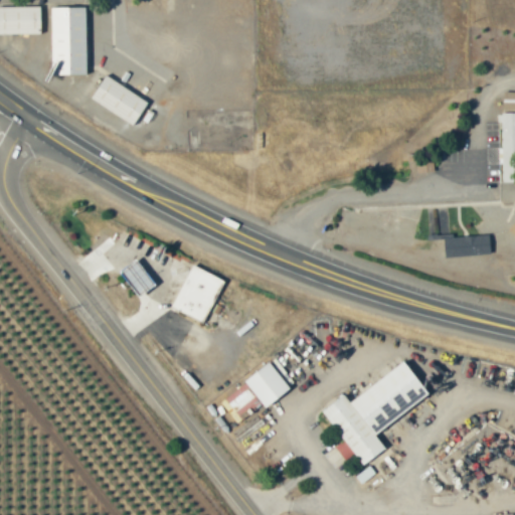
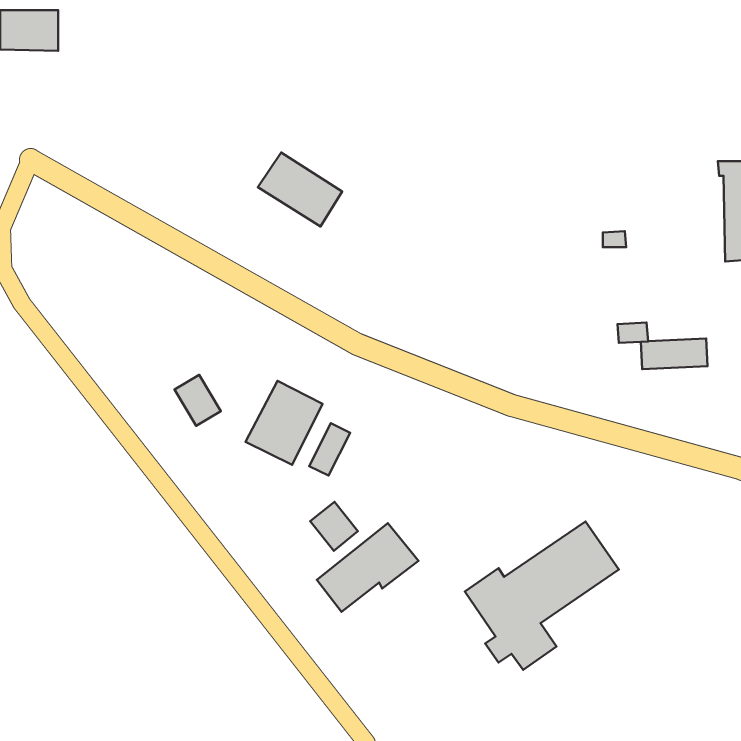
building: [52,9,88,76] -> none
building: [91,74,149,126] -> [258,152,342,227]
building: none -> [309,423,350,475]
building: none -> [310,502,358,551]

